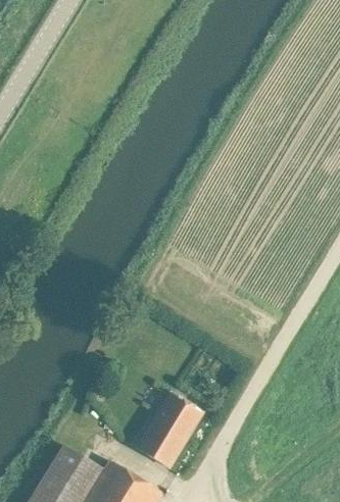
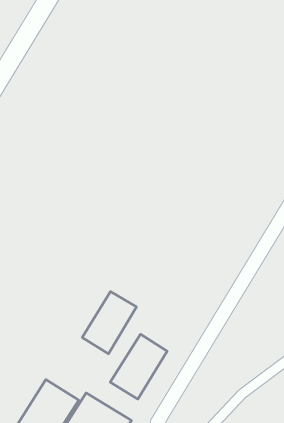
building: none -> [82,291,137,354]

